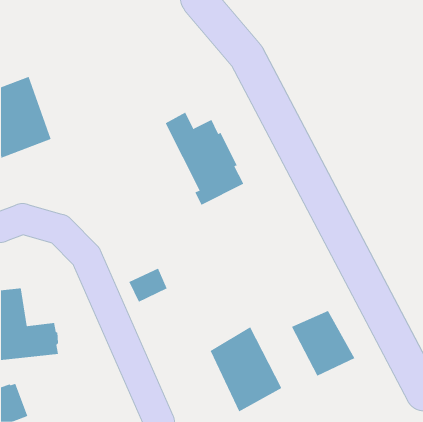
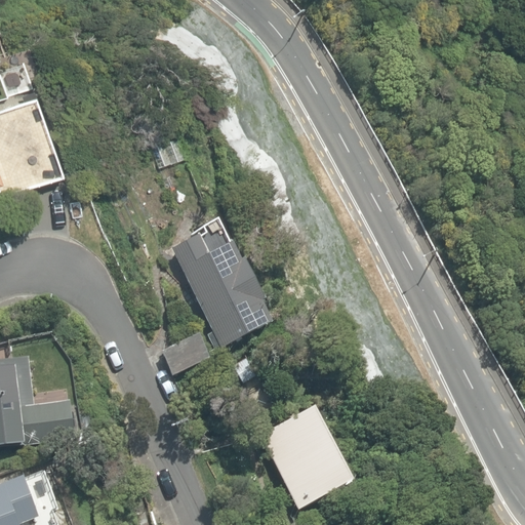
building: [165,112,244,205] -> [171,234,270,350]
building: [291,310,355,377] -> none

